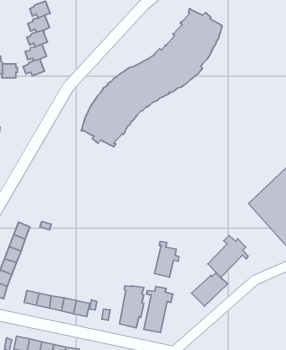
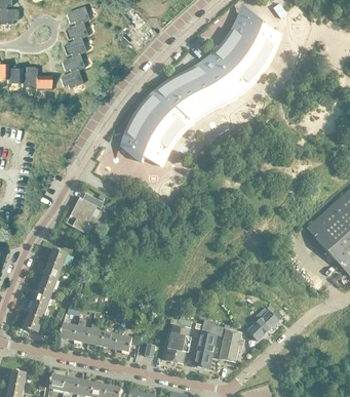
building: none -> [70,193,104,232]
building: [208,235,248,278] -> none
building: [155,242,179,277] -> [219,324,245,363]

